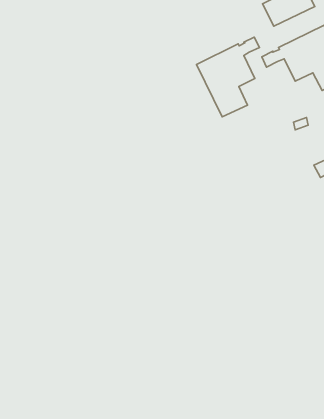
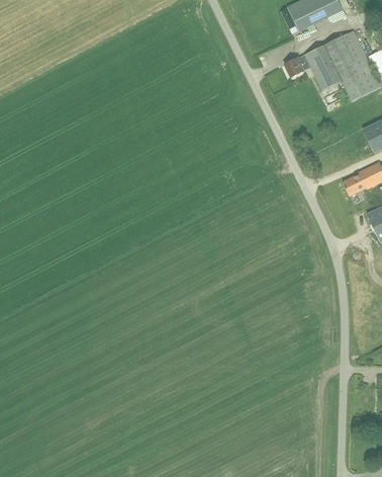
building: [197,37,260,117] -> none

